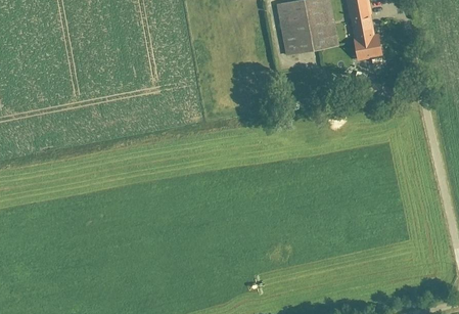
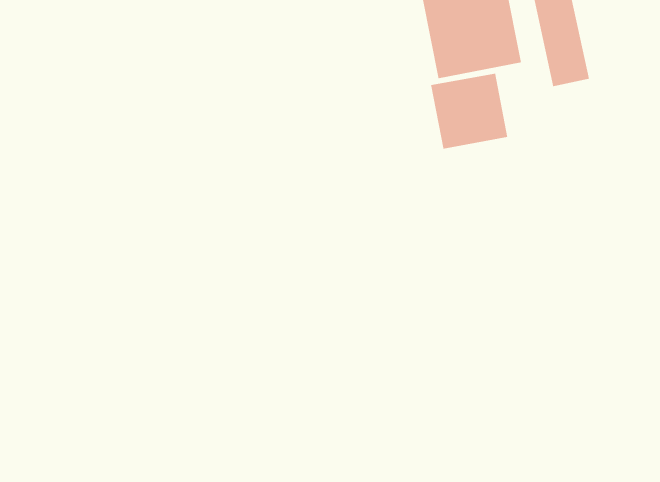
building: none -> [431,73,508,149]

